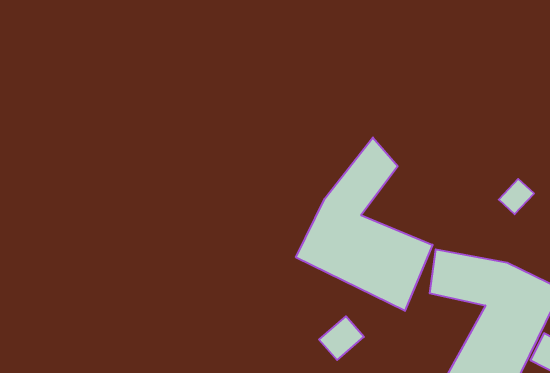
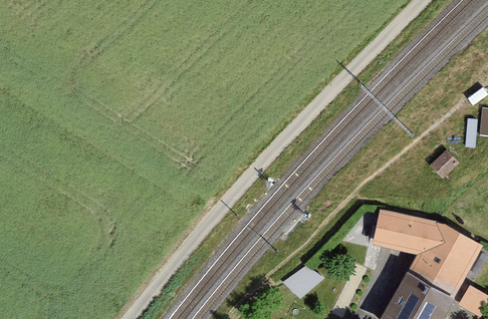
building: [296,137,433,311] -> none

